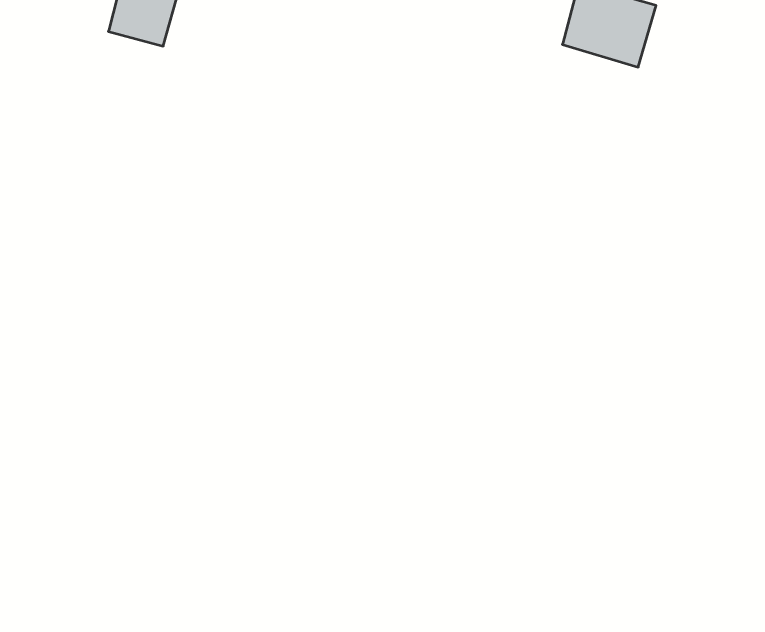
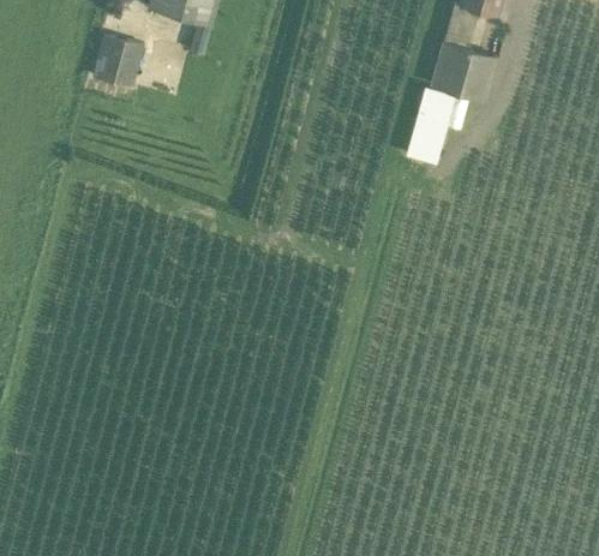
building: none -> [407,97,451,161]

